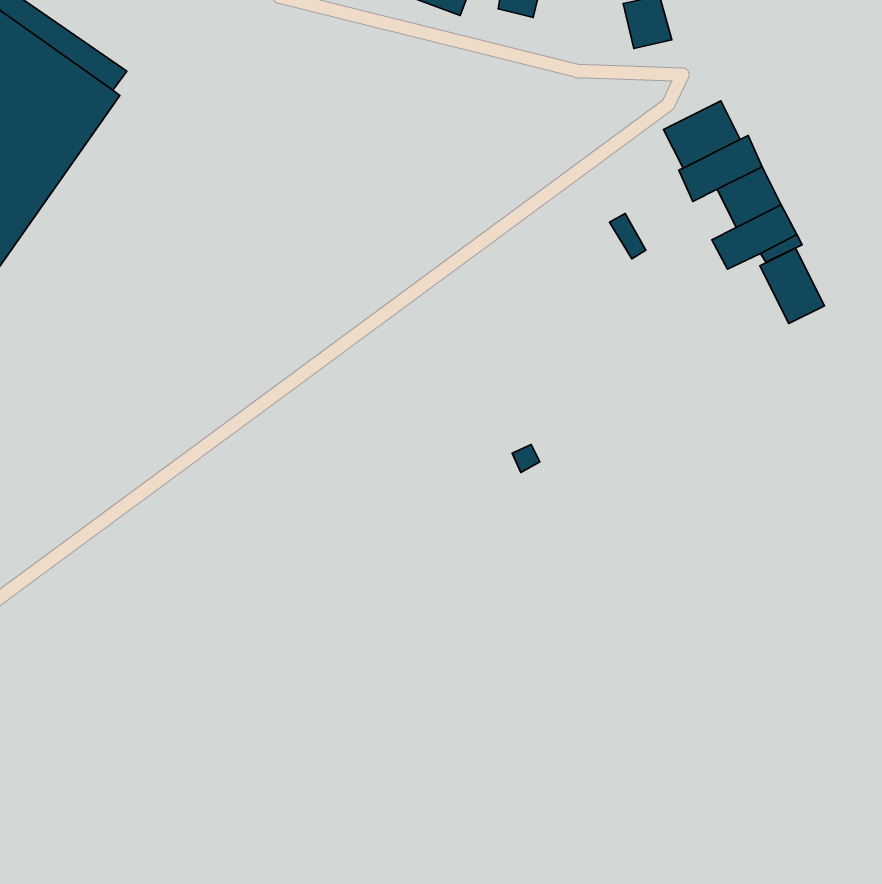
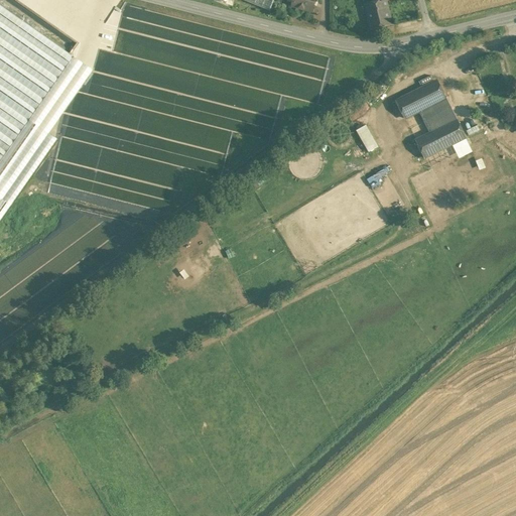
building: [664,101,740,168] -> none
building: [760,248,824,324] -> none

